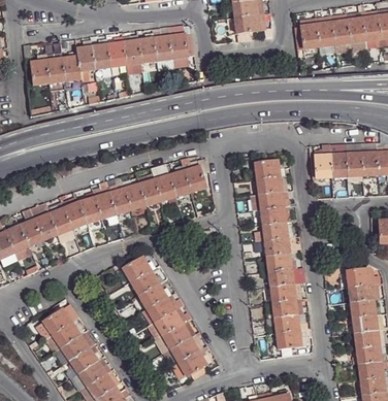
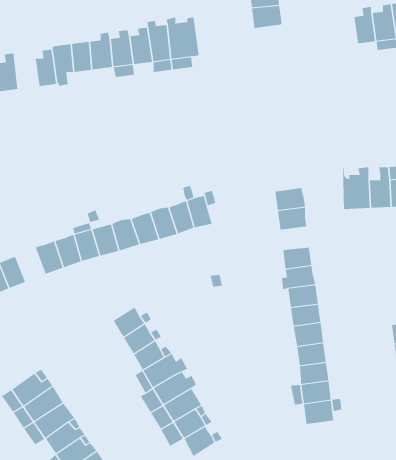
building: [295,19,320,49] -> none
building: [46,53,66,82] -> none
building: [252,192,282,211] -> none
building: [47,208,71,236] -> none

